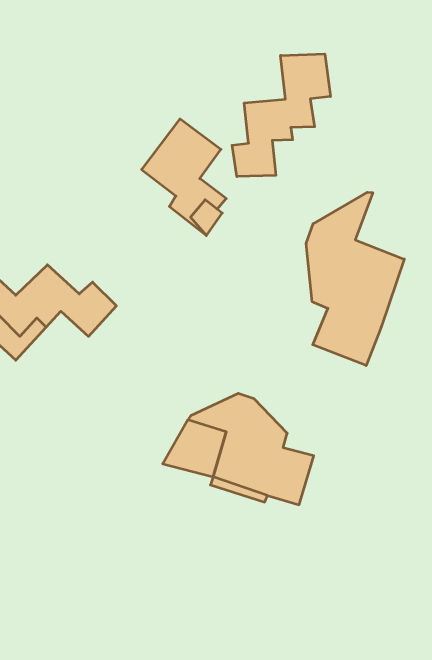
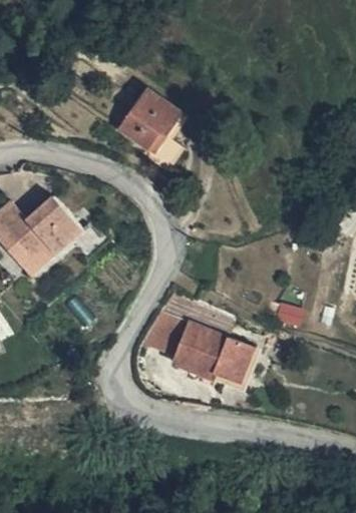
building: [232,54,330,177] -> none
building: [306,192,404,366] -> none

